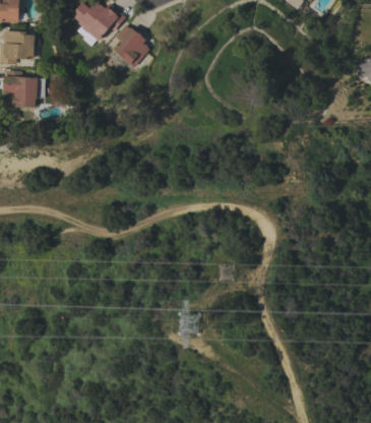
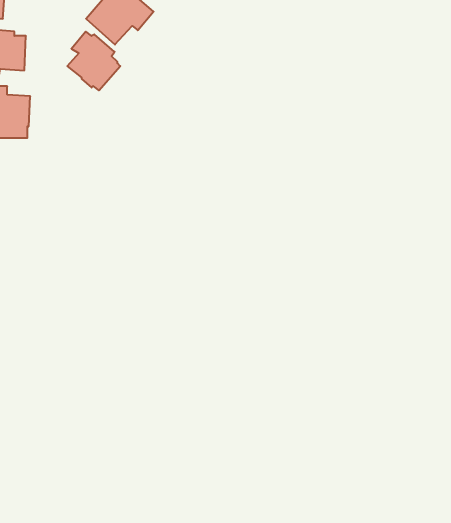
building: [112,24,149,66] -> [67,32,120,90]

